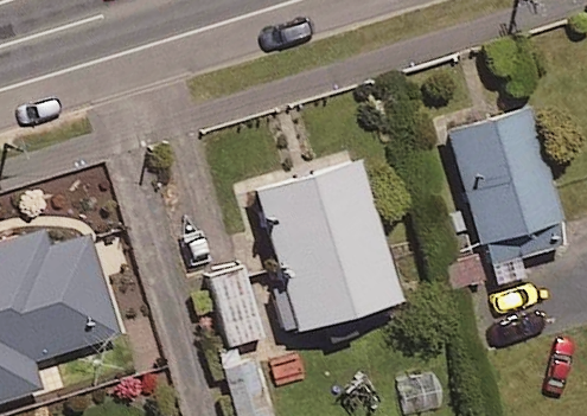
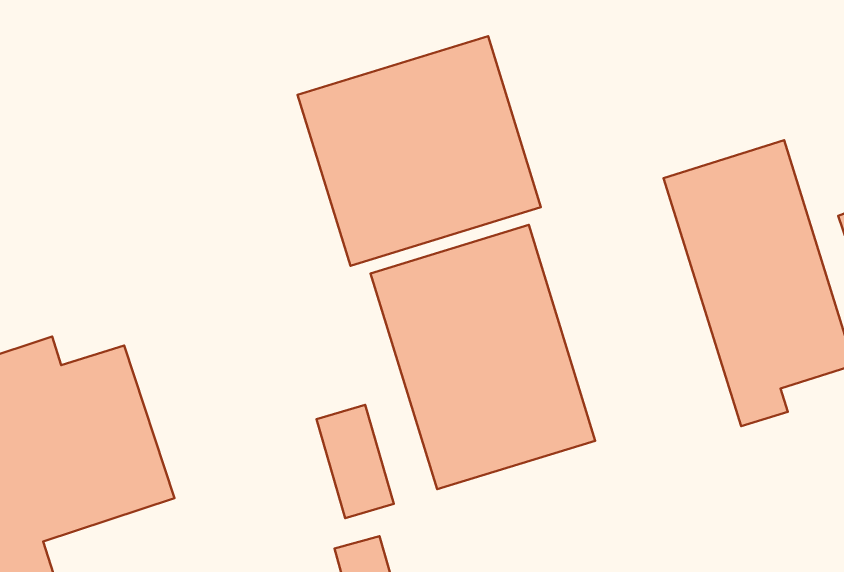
building: none -> [298,36,541,266]

